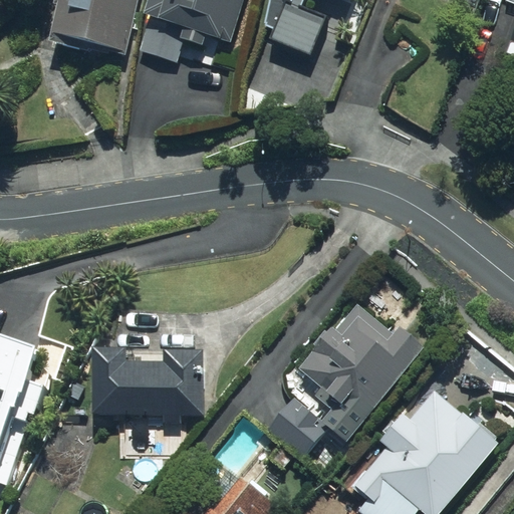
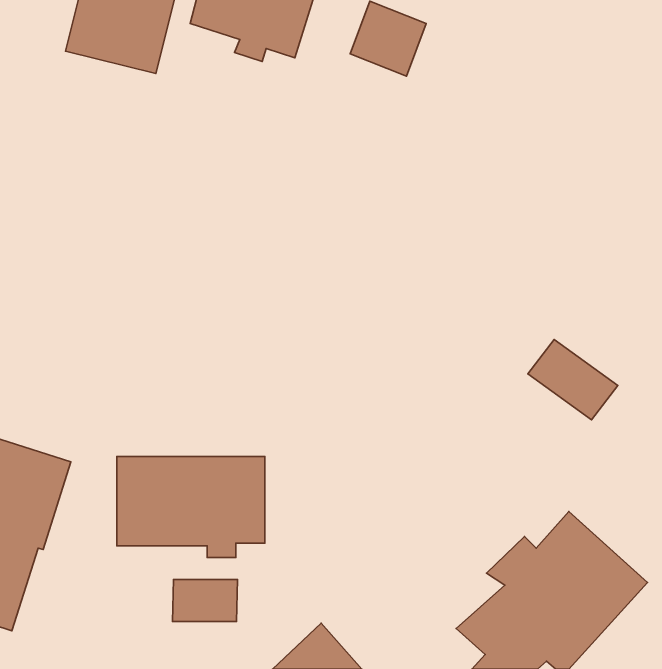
building: none -> [528,340,618,420]
building: [272,305,426,443] -> none
building: none -> [172,579,237,622]

